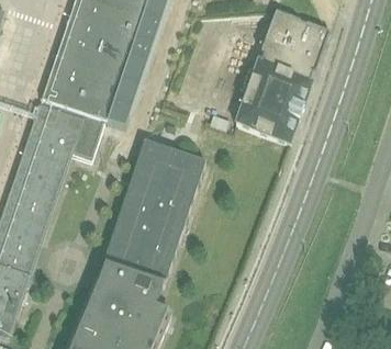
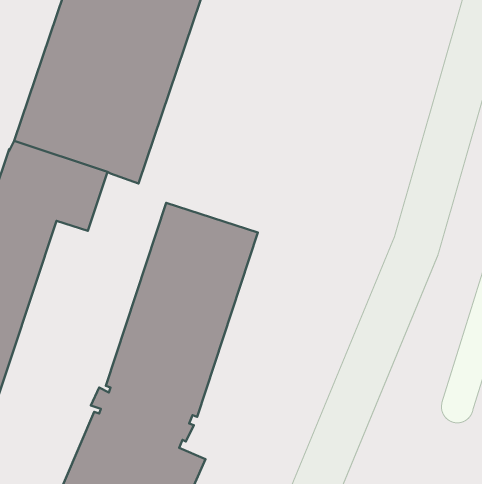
building: [236,9,329,140] -> none

